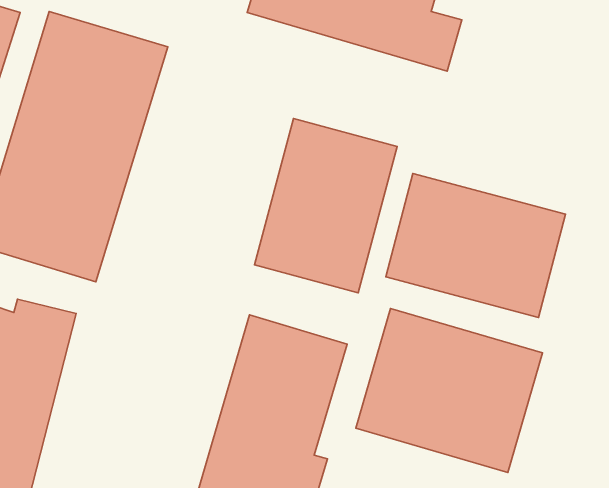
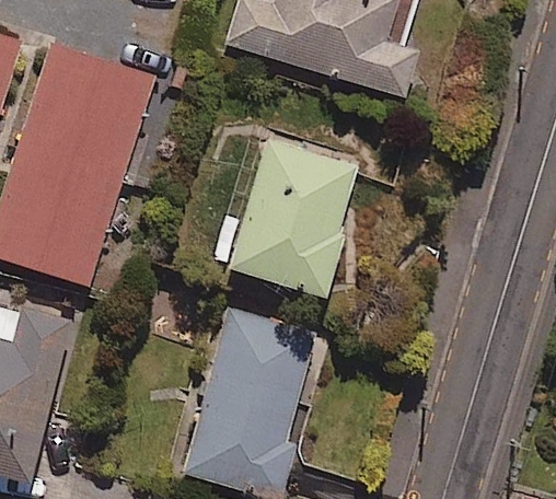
building: [386,173,566,318] -> none
building: [356,308,542,472] -> none

